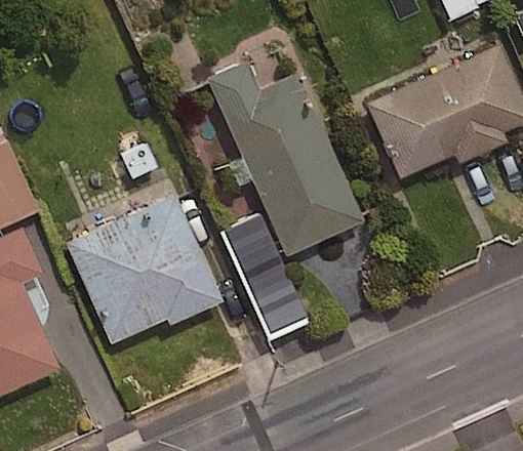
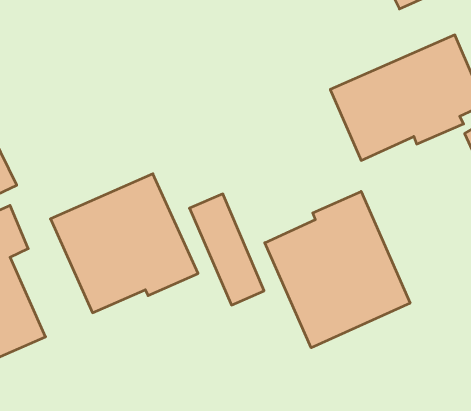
building: [208,61,367,257] -> none
building: none -> [265,191,410,348]

